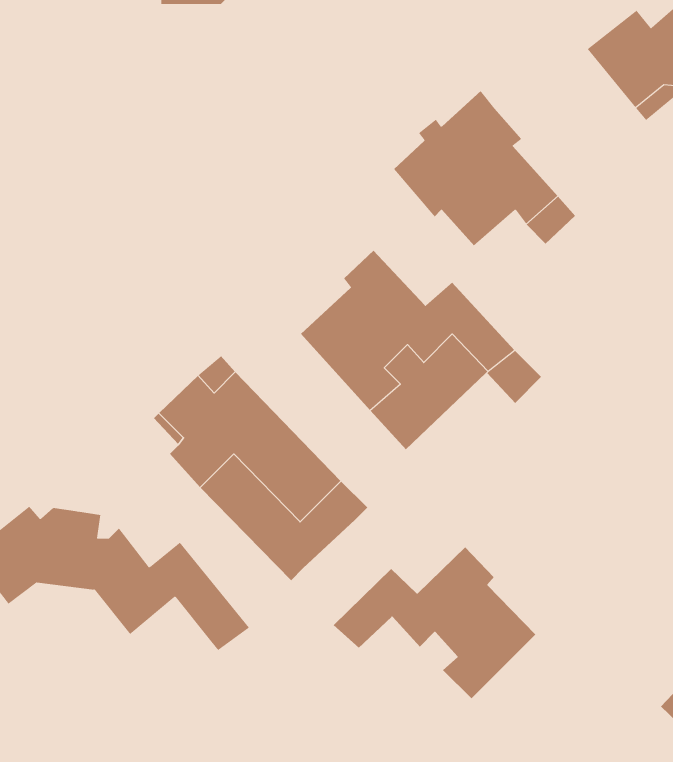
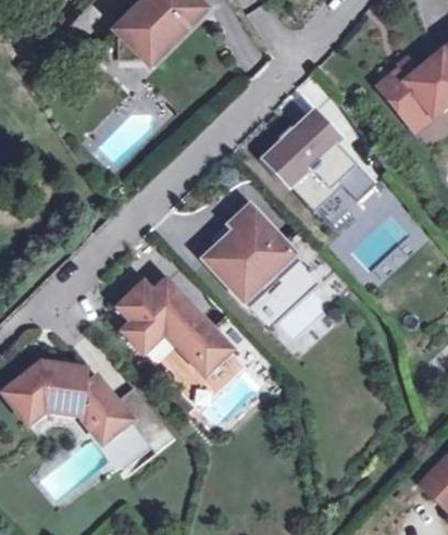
building: [333,547,536,699] -> none

